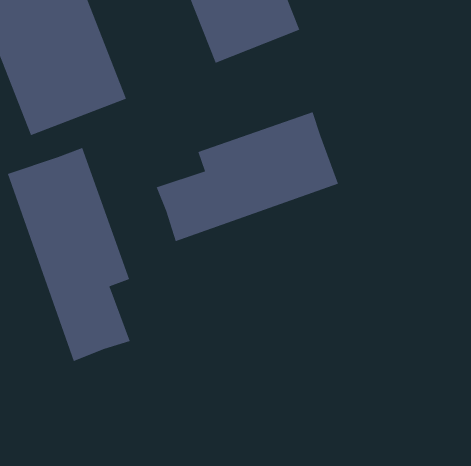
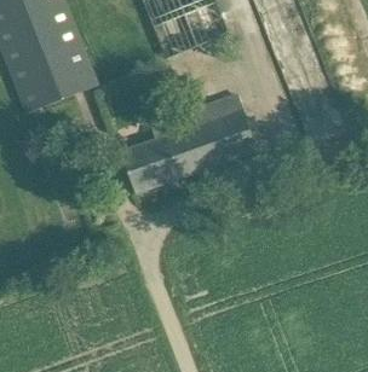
building: [7,147,130,362] -> none

